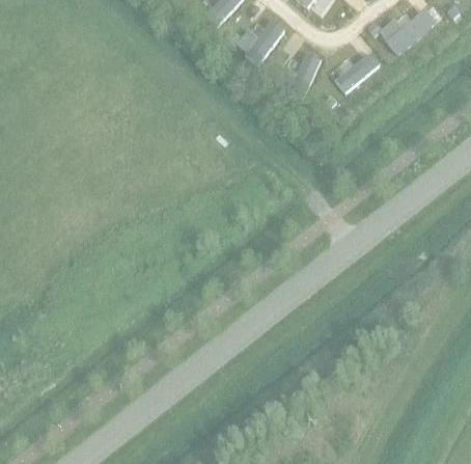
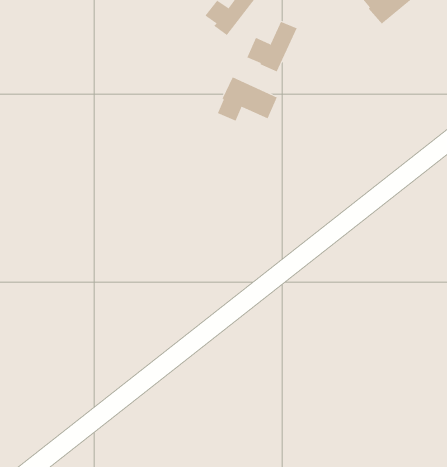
building: [334,48,382,92] -> none
building: none -> [217,76,277,122]

